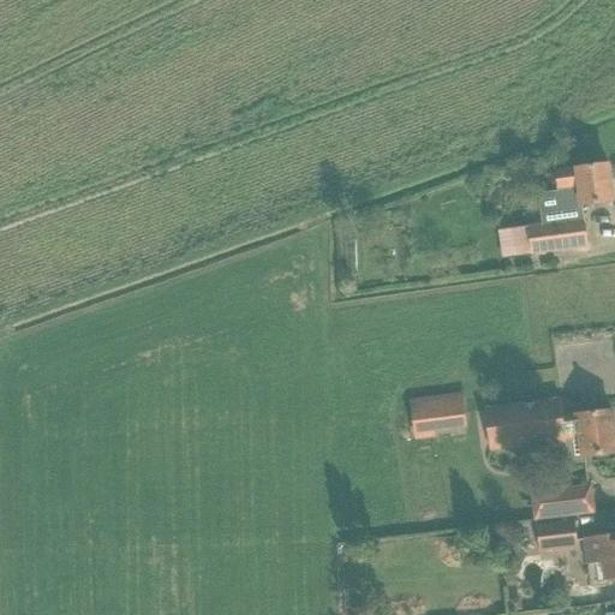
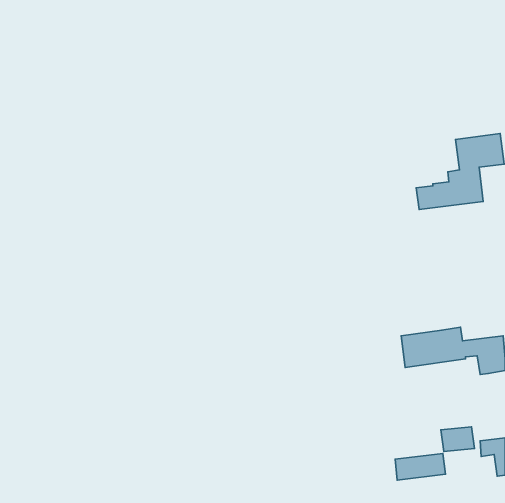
building: [414,394,466,432] -> none
building: [532,484,593,517] -> [395,453,446,480]

